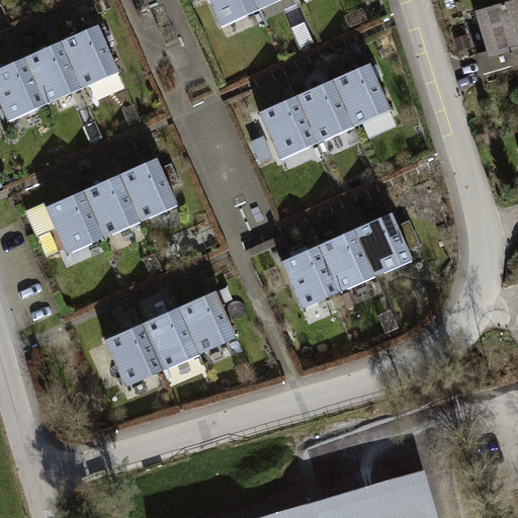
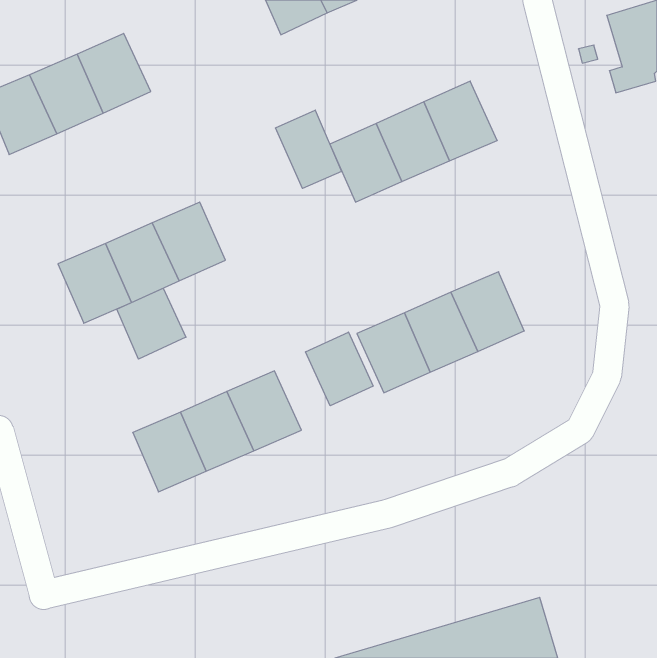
building: none -> [276,110,341,188]
building: none -> [117,288,186,359]
building: none -> [306,332,373,406]

